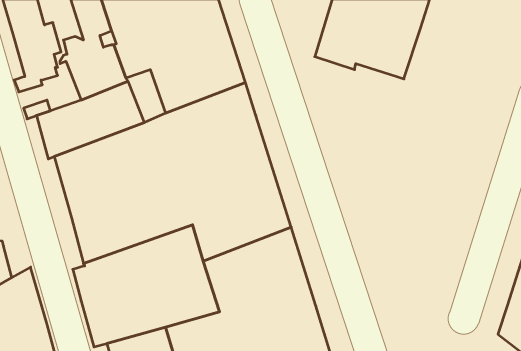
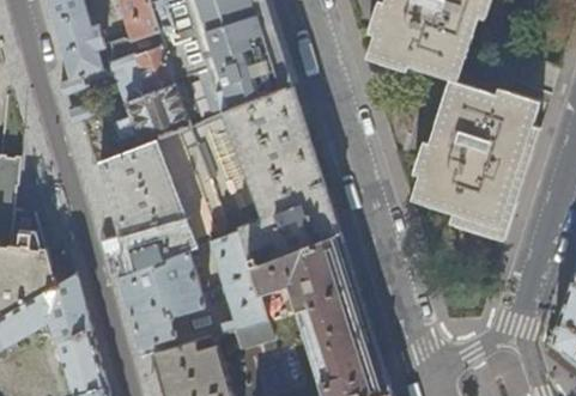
building: none -> [410,80,539,242]

